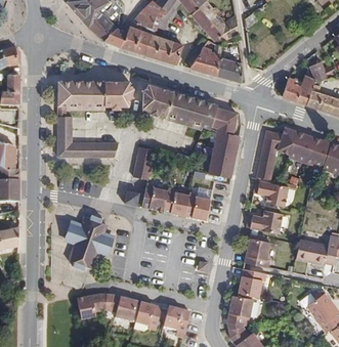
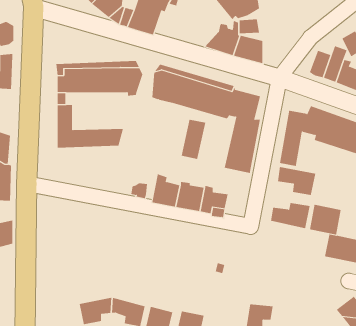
building: [144,39,182,70] -> none
building: [132,147,155,183] -> [181,119,206,159]
building: [65,212,115,266] -> none
building: [244,237,272,265] -> [309,204,341,235]
building: [238,268,268,295] -> none

